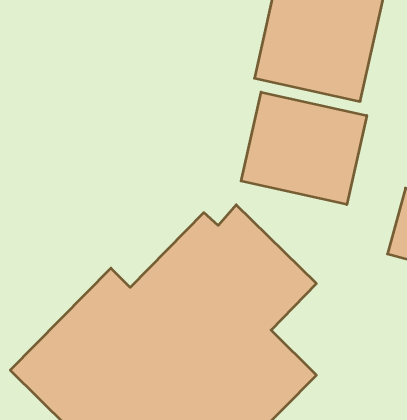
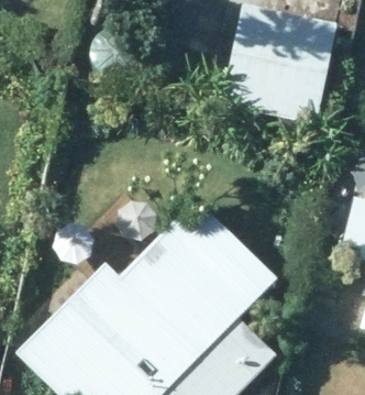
building: [241,92,367,205] -> none

